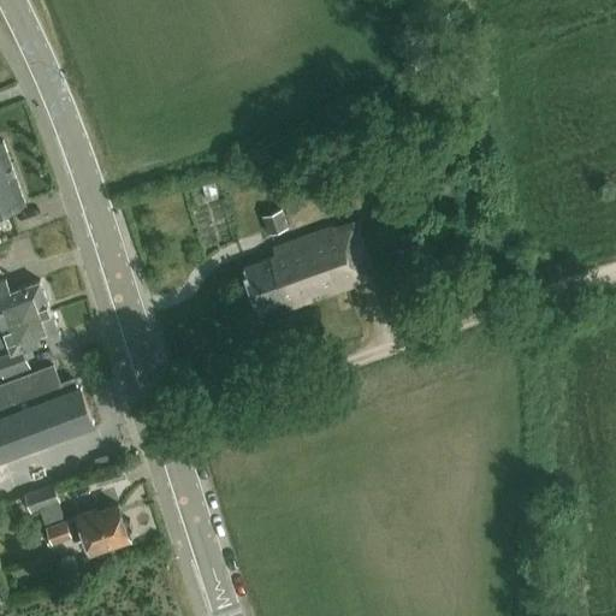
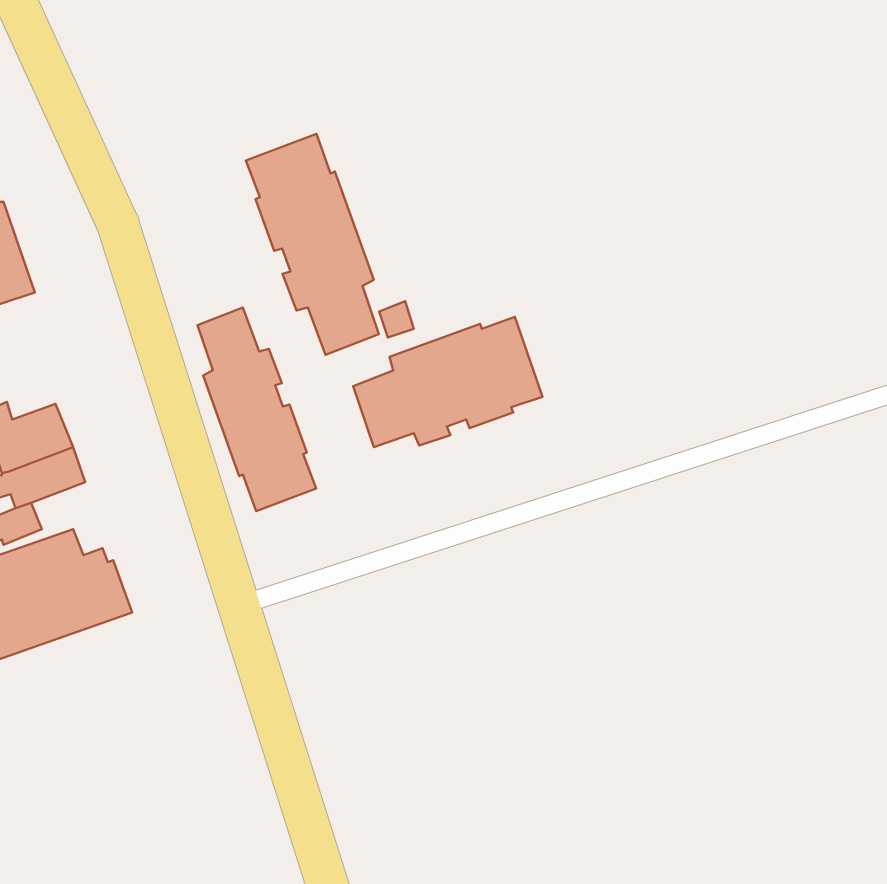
building: none -> [246,134,379,355]
building: none -> [197,307,316,511]
building: [23,486,128,553] -> none

